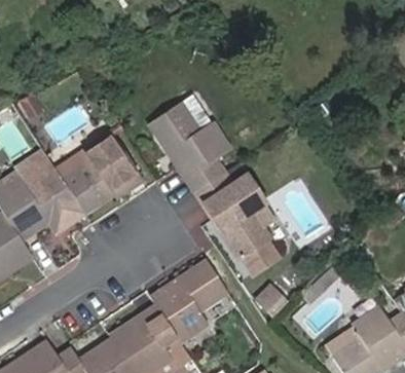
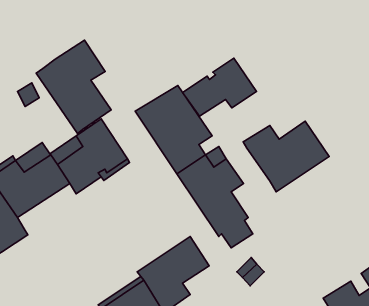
building: none -> [36,40,111,133]
building: none -> [183,58,256,116]
building: none -> [243,121,329,192]

